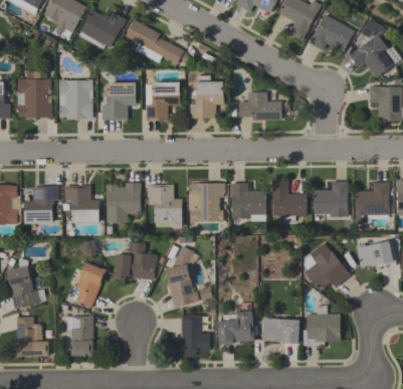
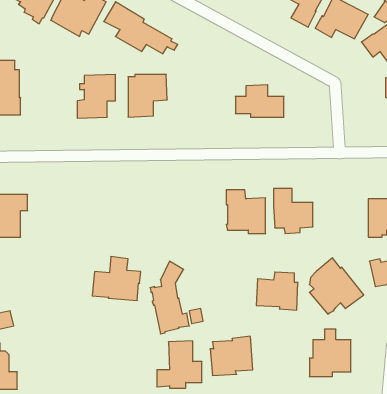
building: [190,74,223,119] -> none
building: [59,79,92,119] -> none
building: [314,181,348,217] -> none
building: [106,183,141,222] -> none
building: [188,183,225,222] -> none
building: [148,185,182,229] -> none
building: [64,186,99,223] -> none
building: [69,262,107,307] -> none
building: [262,312,298,345] -> [256,272,298,310]
building: [63,316,92,357] -> none

